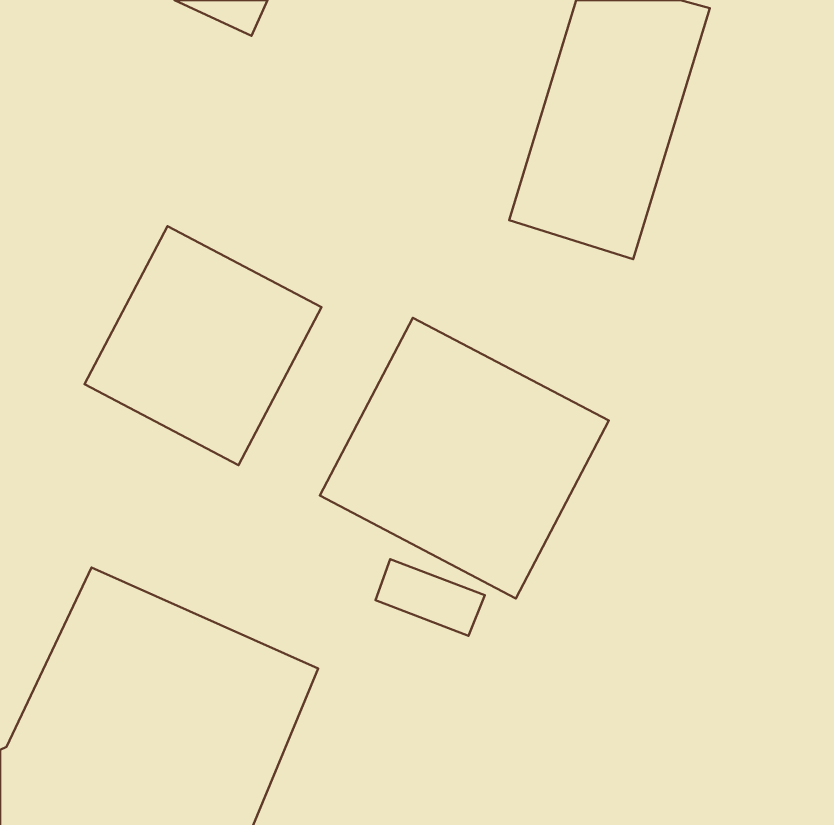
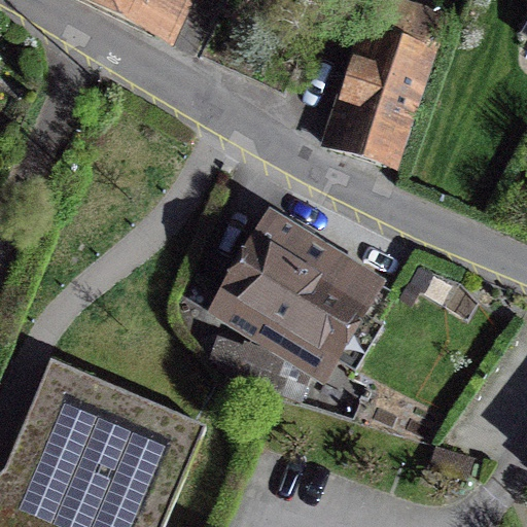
building: [85,226,322,465] -> none

